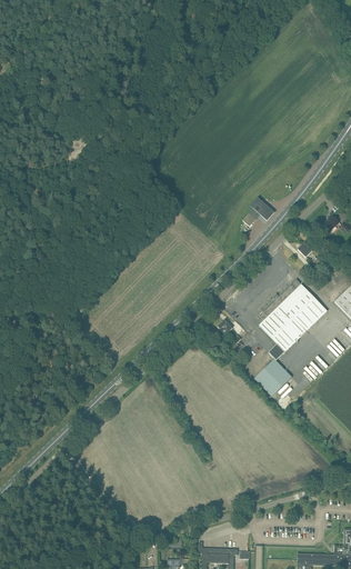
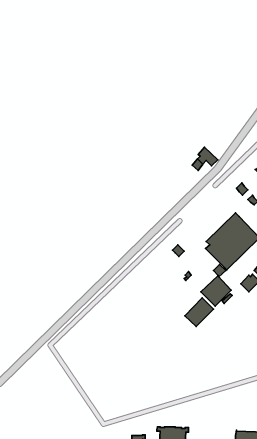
building: none -> [185,298,213,326]

